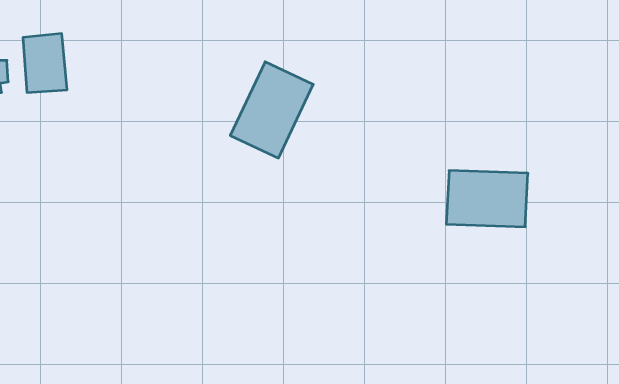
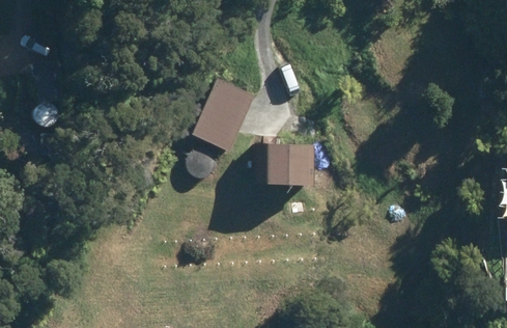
building: [446,171,528,227] -> [255,142,318,186]

